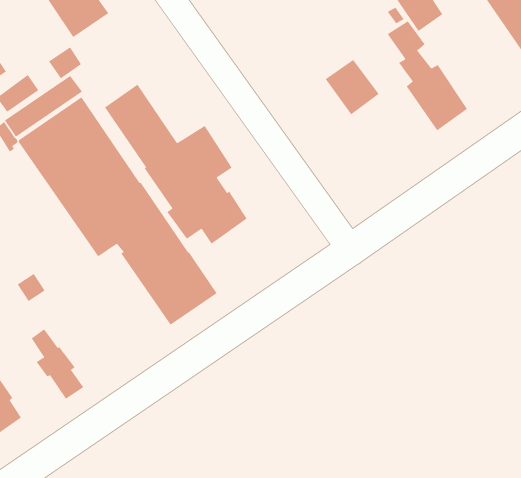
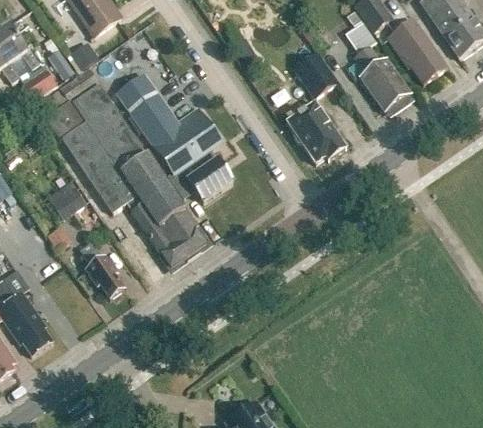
building: none -> [388,18,447,83]
building: none -> [286,101,346,163]
building: none -> [49,185,85,219]
building: [31,329,84,400] -> [82,241,125,298]

